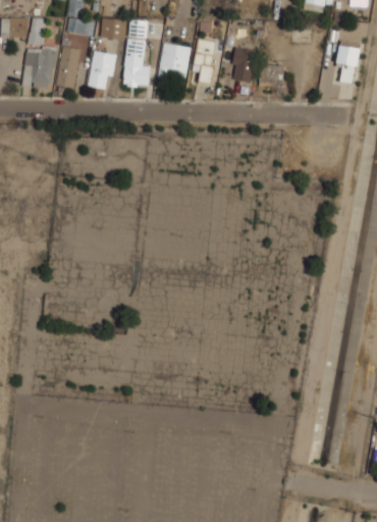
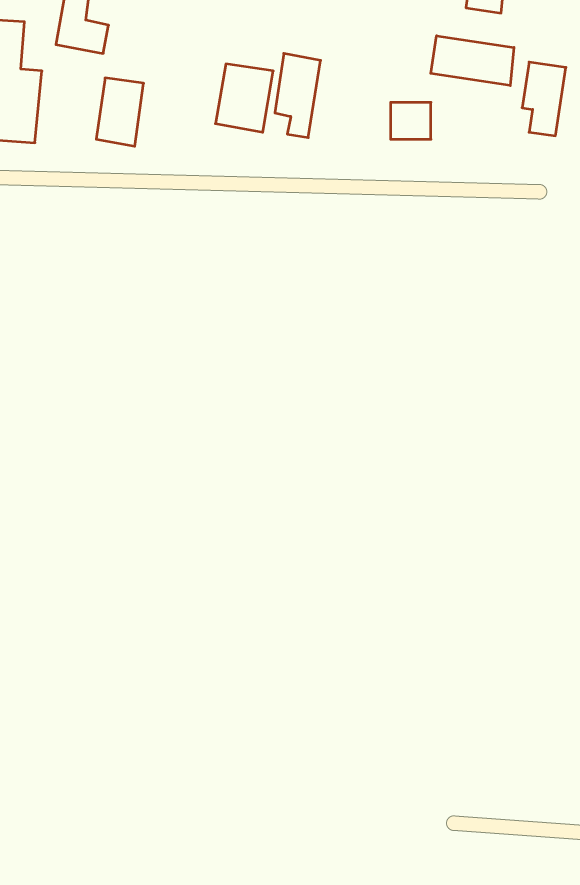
building: [101,17,151,87] -> none
building: none -> [431,36,514,86]
building: [57,45,80,88] -> none
building: [230,46,255,82] -> none

